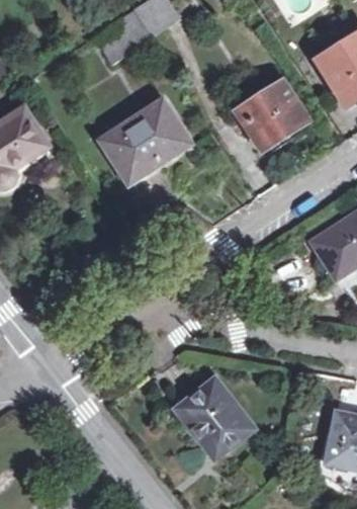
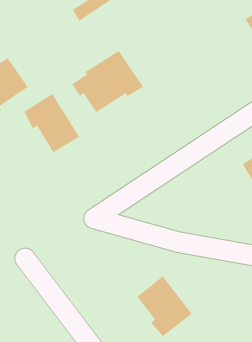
building: [237,81,305,148] -> none
building: none -> [23,93,80,153]

